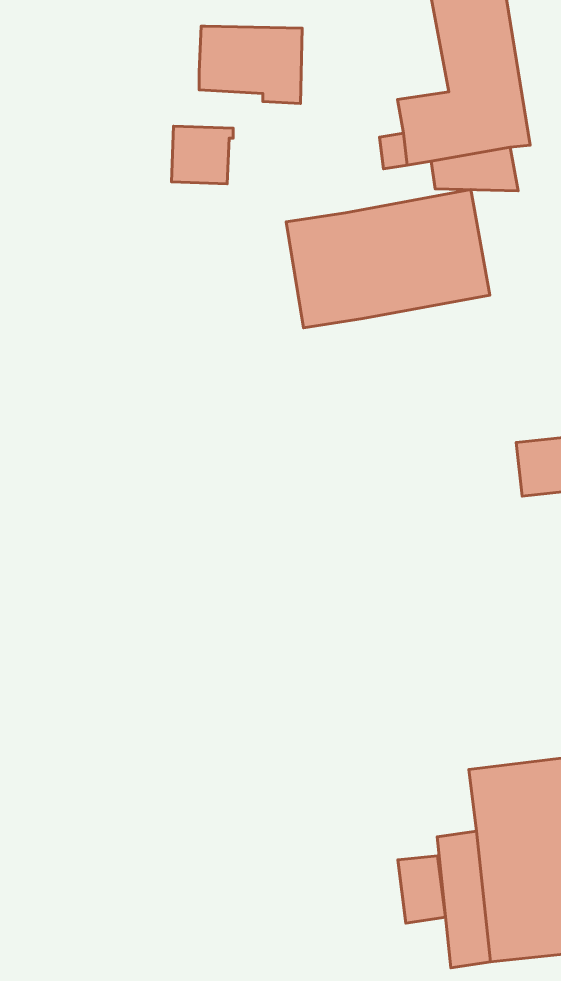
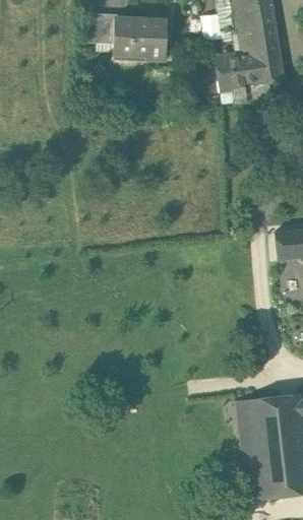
building: [172,126,233,184] -> [84,13,116,43]
building: [286,190,490,328] -> none
building: [398,856,446,923] -> [231,400,255,435]

